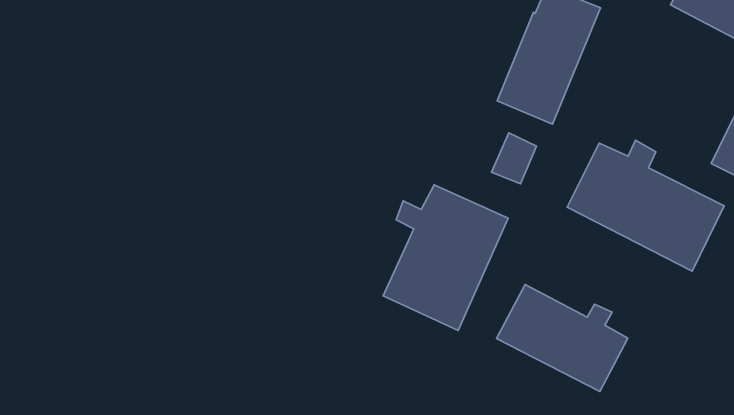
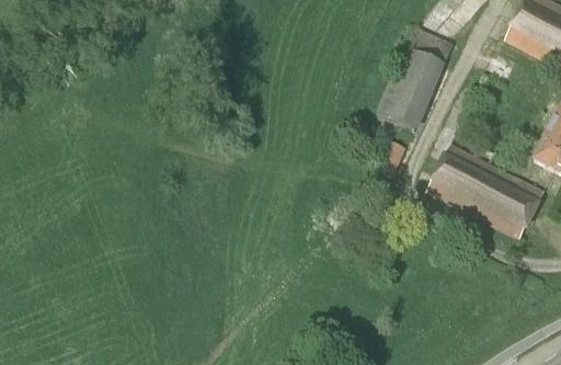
building: [383,185,508,331] -> none
building: [496,285,628,392] -> none

